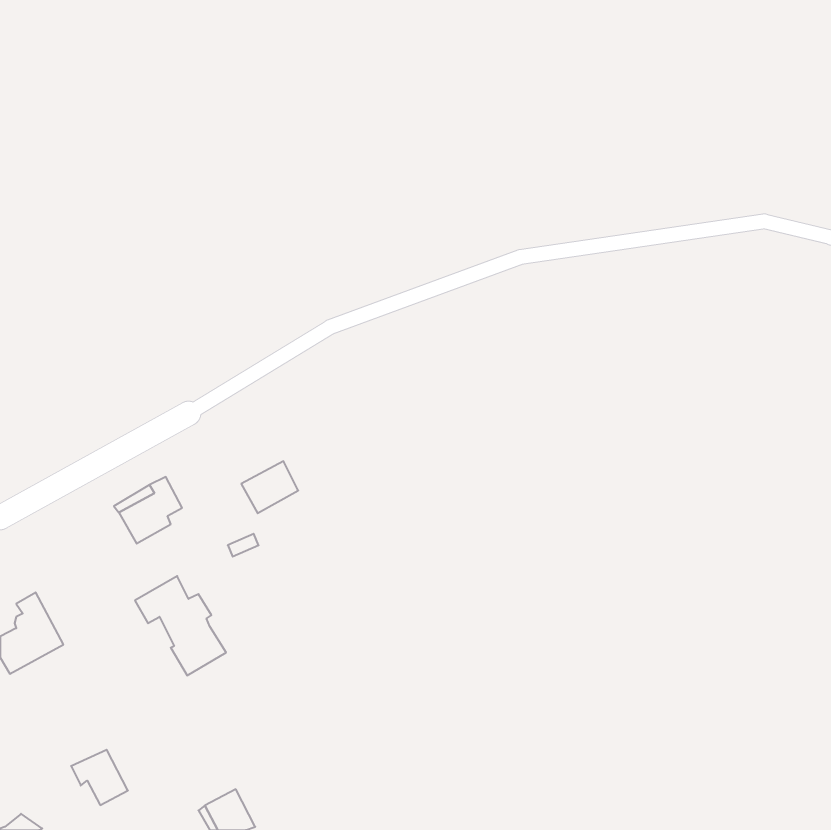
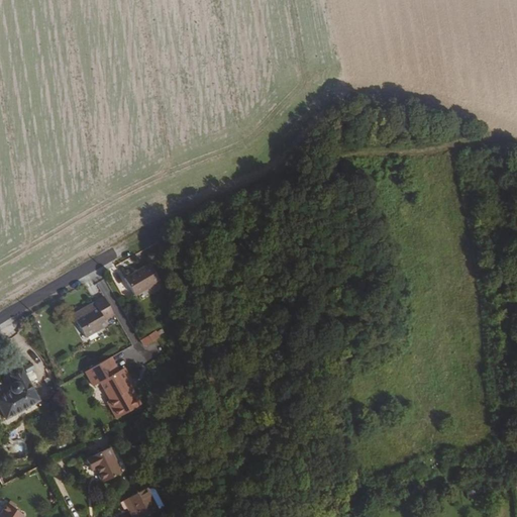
building: [241,461,298,513] -> [124,264,160,296]
building: [71,750,128,805] -> [86,449,121,484]

